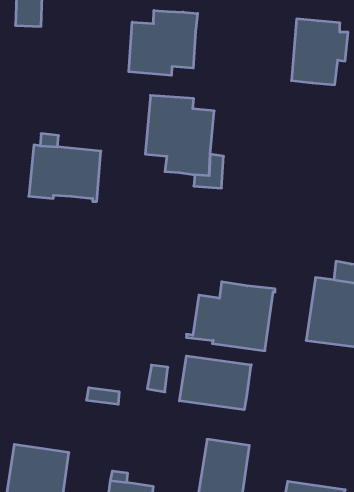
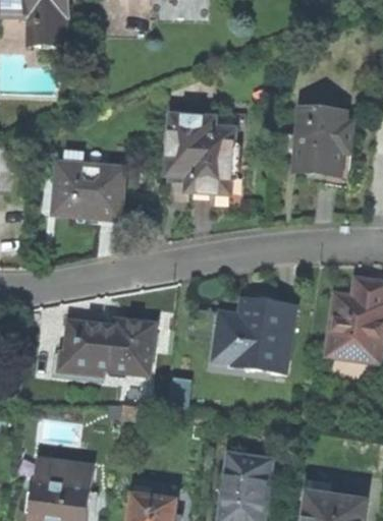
building: [129,10,198,75] -> none
building: [291,19,348,85] -> [295,110,351,175]
building: none -> [63,322,152,375]
building: [179,356,251,410] -> none

